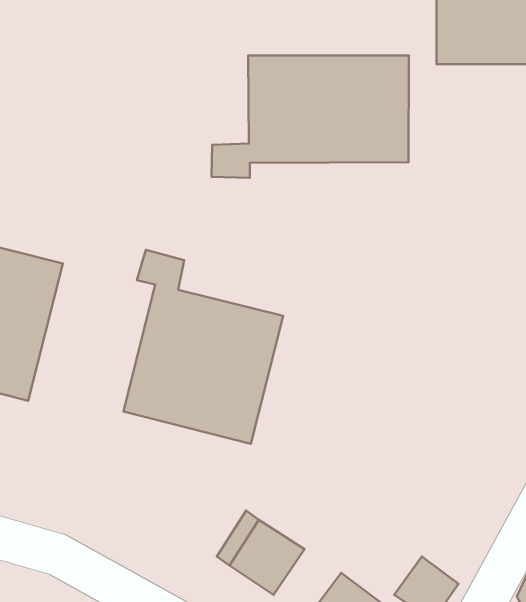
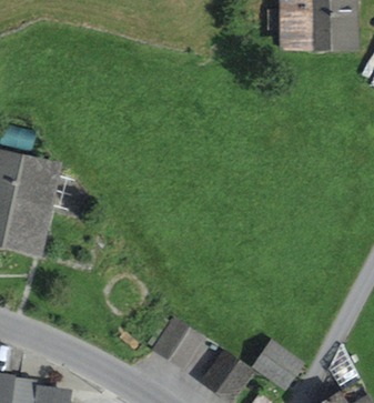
building: [211,56,409,178] -> none
building: [124,250,283,444] -> none

